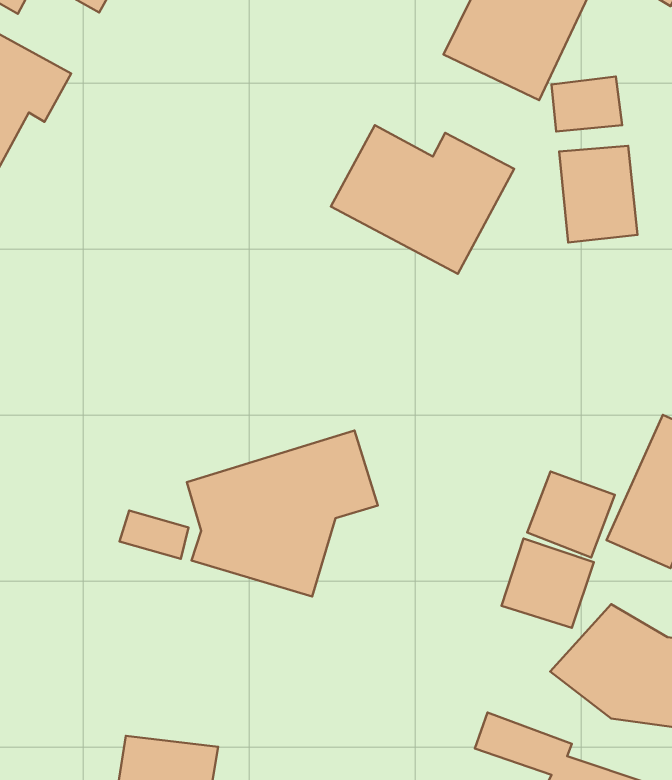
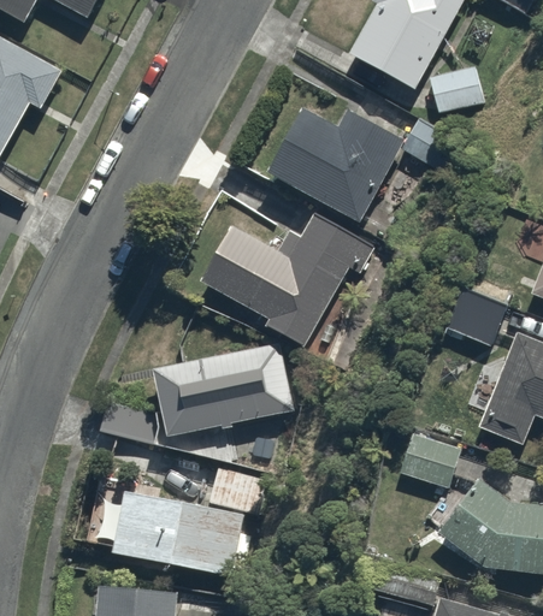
building: [559,146,638,242] -> none
building: none -> [195,211,367,348]
building: [527,471,615,558] -> [445,284,513,350]
building: none -> [113,466,255,575]

